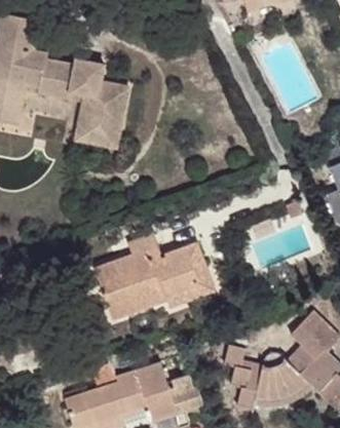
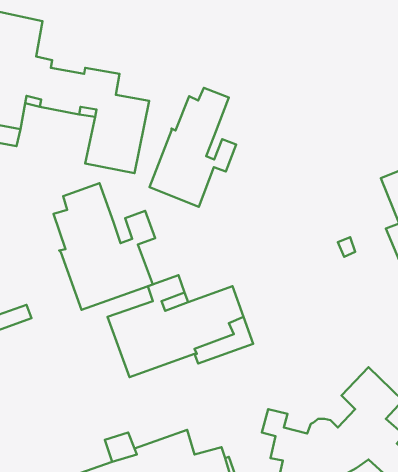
building: none -> [150,88,236,207]
building: none -> [53,183,155,310]

